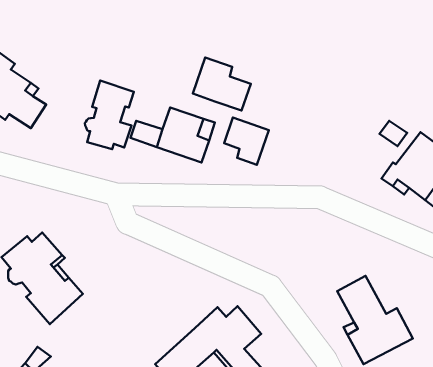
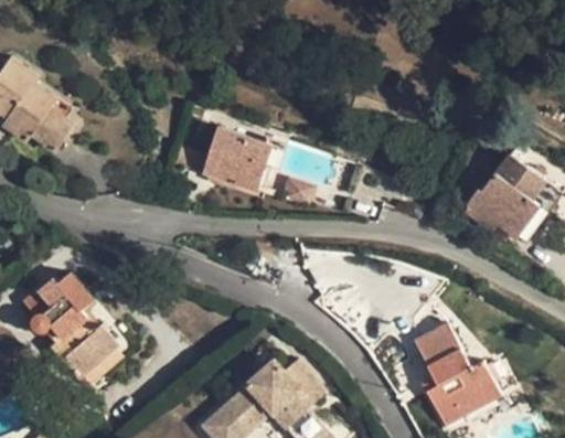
building: [193,58,251,110] -> none
building: [85,80,134,149] -> none
building: [224,118,269,165] -> none

